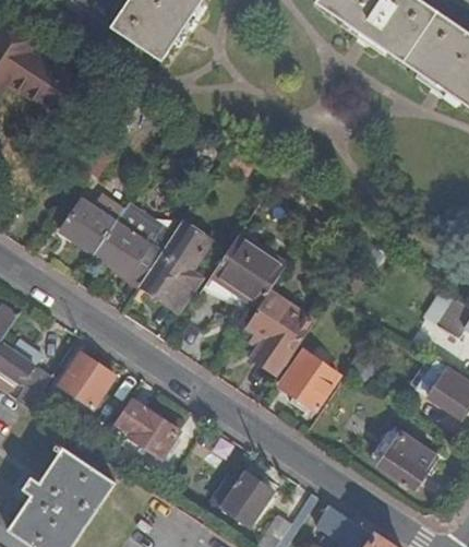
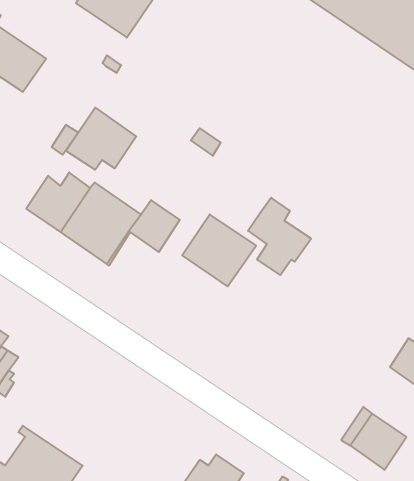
building: none -> [66,108,136,170]
building: [142,252,199,309] -> none
building: [246,290,309,367] -> [248,198,311,275]
building: [279,350,338,408] -> none
building: [59,353,115,407] -> none
building: [115,397,181,459] -> none

